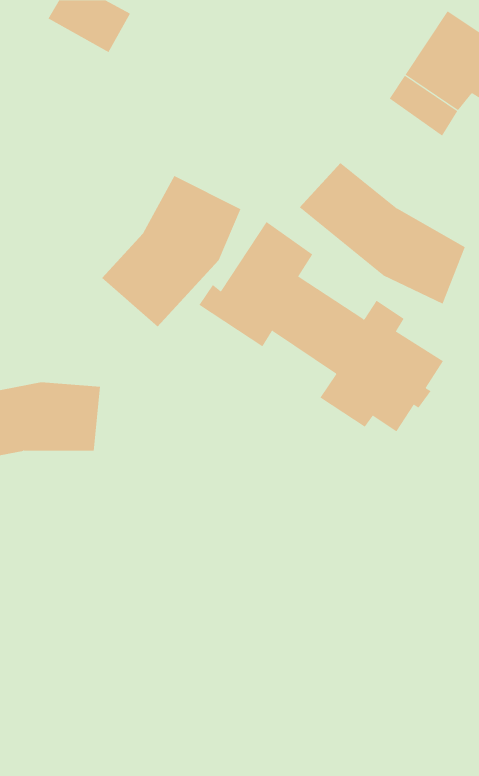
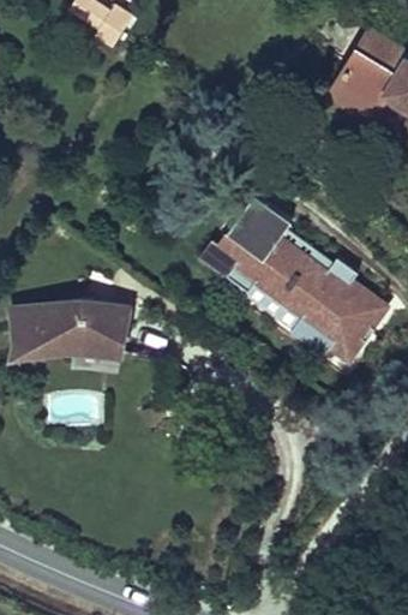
building: [299,162,465,304] -> none
building: [101,175,241,328] -> none

